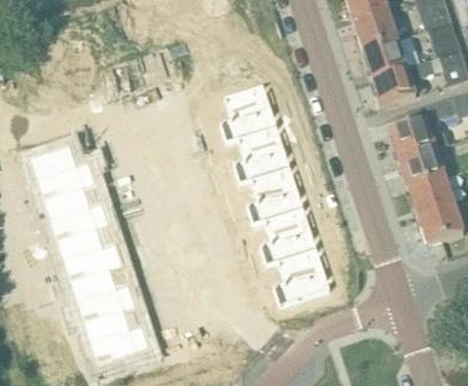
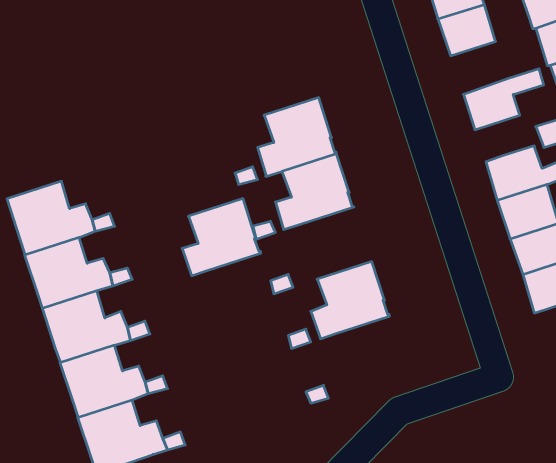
building: [363,39,406,79] -> none
building: [244,163,304,221] -> [182,199,261,276]
building: [271,246,330,305] -> none

